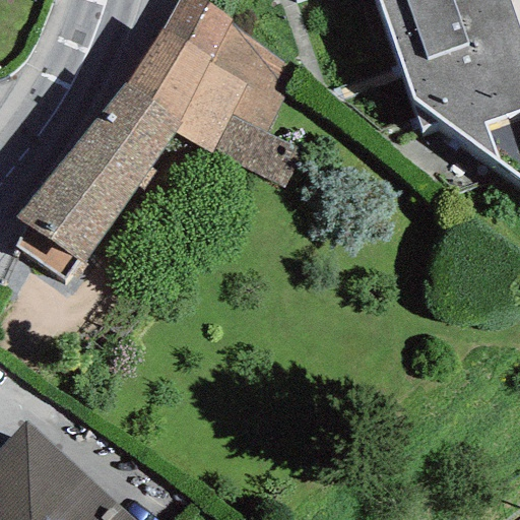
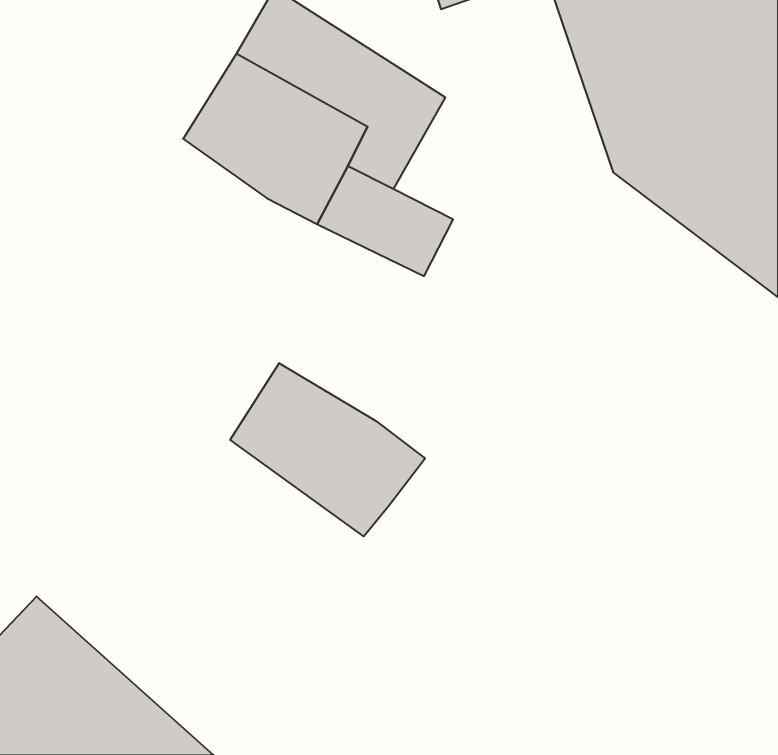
building: [13,92,178,272] -> none
building: none -> [230,363,425,536]

